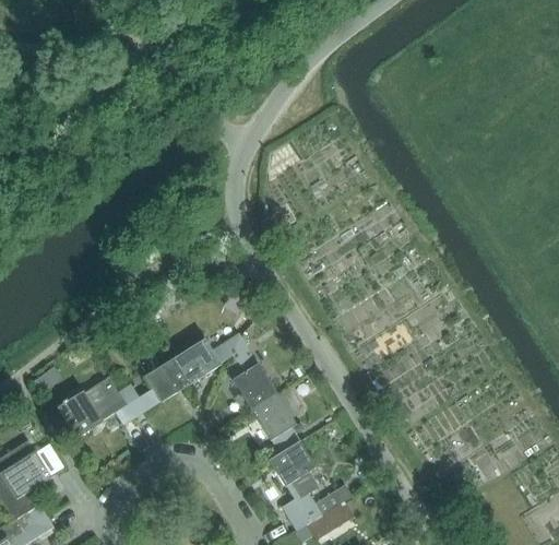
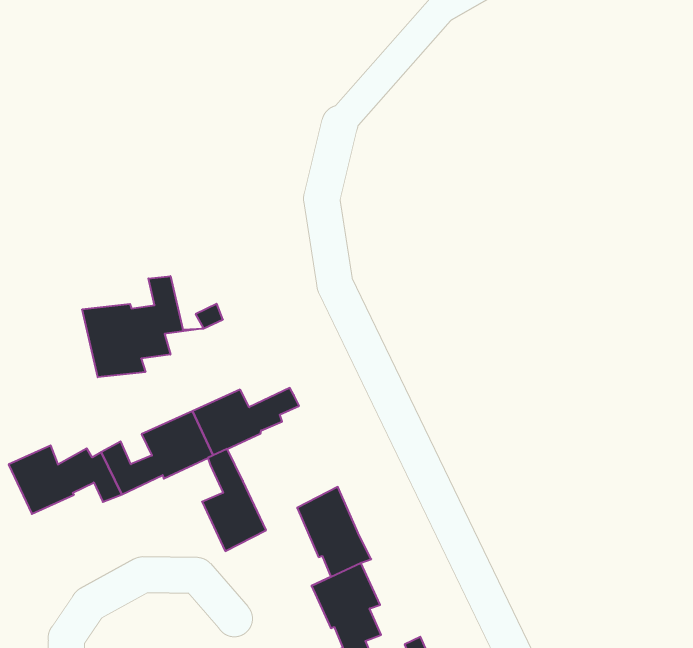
building: none -> [82,276,204,377]
building: [233,342,277,410] -> [202,449,266,551]

